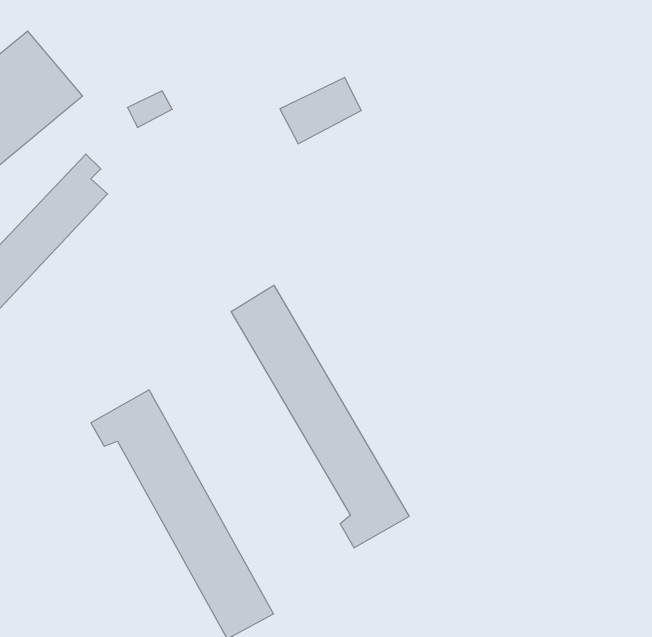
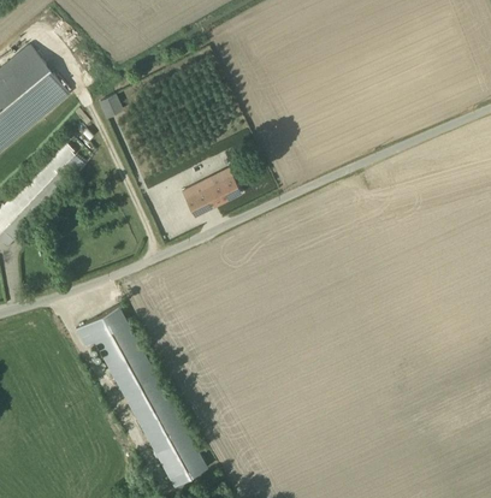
building: [280,77,361,144] -> [181,170,239,218]
building: [231,285,409,548] -> none

